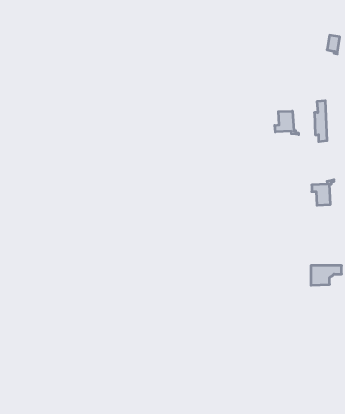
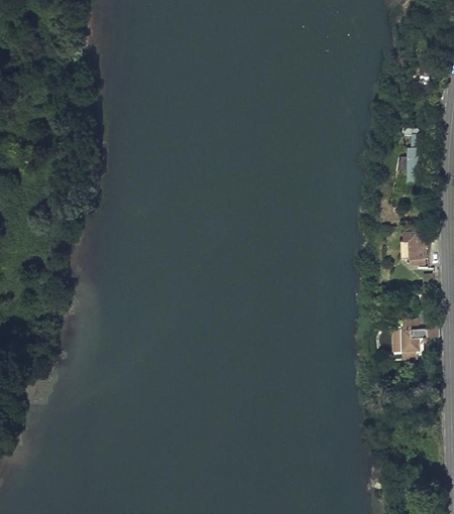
building: [275,111,299,135] -> none

